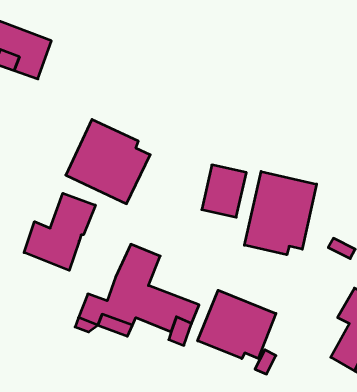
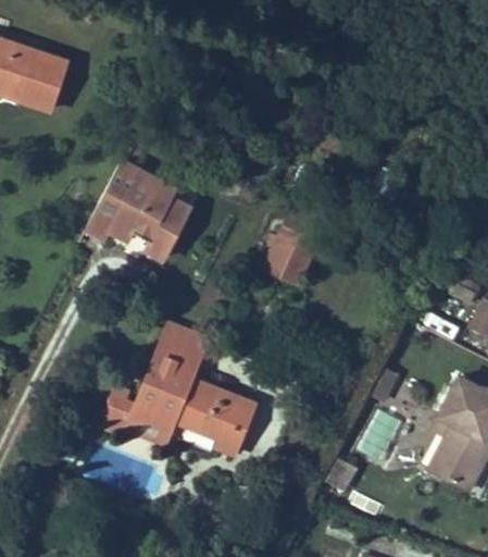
building: [244,171,317,255] -> none
building: [24,193,95,270] -> none
building: [198,290,276,359] -> none

